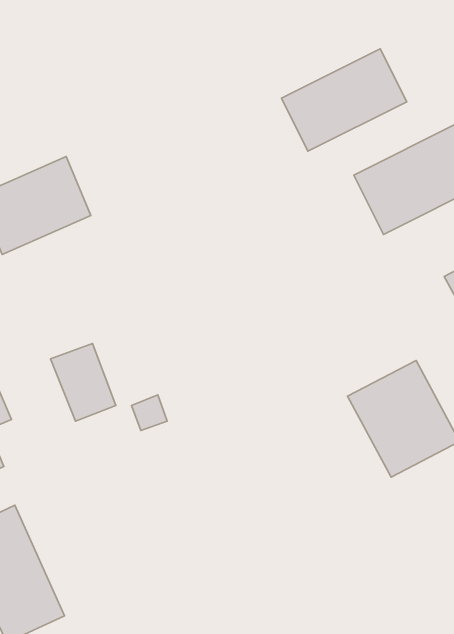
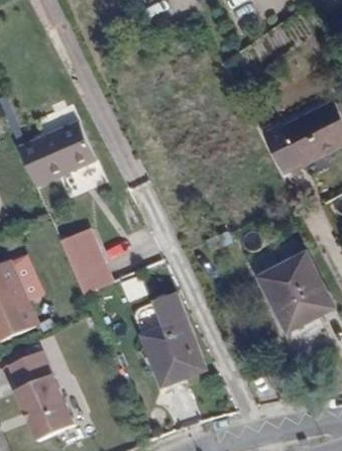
building: [281,49,407,151] -> none
building: none -> [142,292,206,385]

